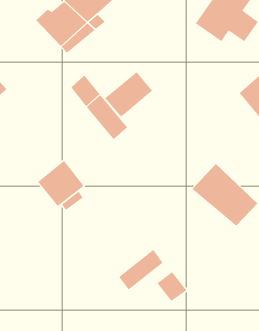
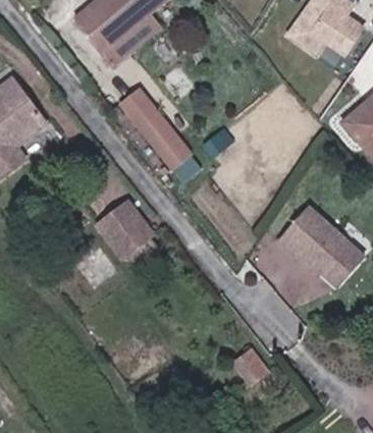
building: [104,71,153,117] -> none
building: [118,249,164,291] -> none

